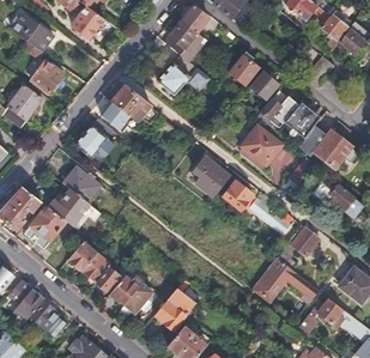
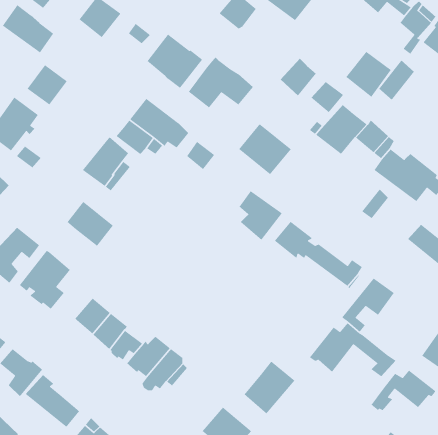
building: [163,19,207,62] -> [146,33,203,89]
building: none -> [345,51,392,98]
building: [239,123,281,164] -> [238,123,292,175]
building: [48,188,99,224] -> none
building: [153,287,194,329] -> [243,361,296,414]

